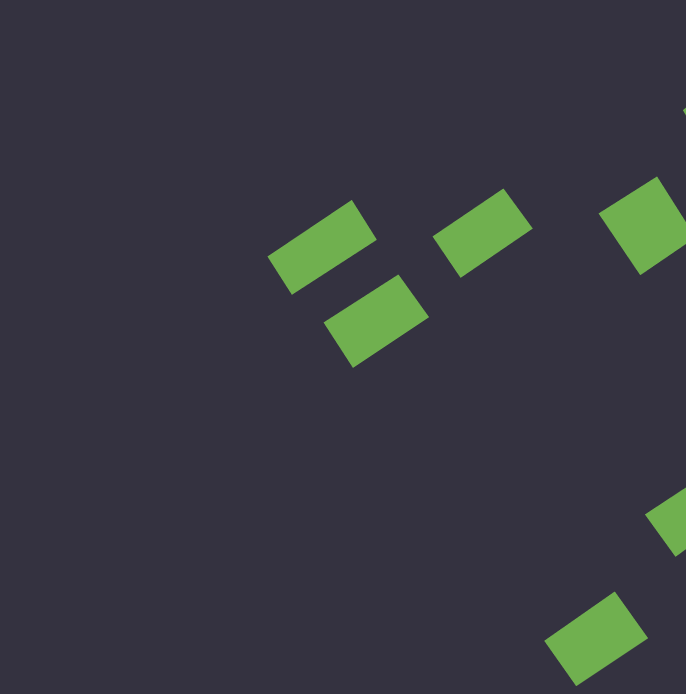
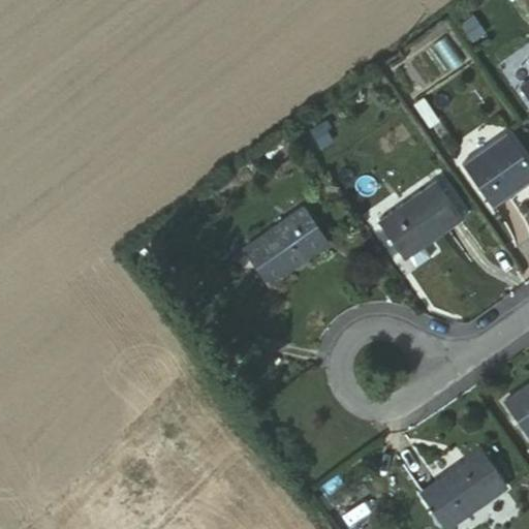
building: [432,188,534,279] -> [390,186,467,255]
building: [266,199,378,296] -> none

